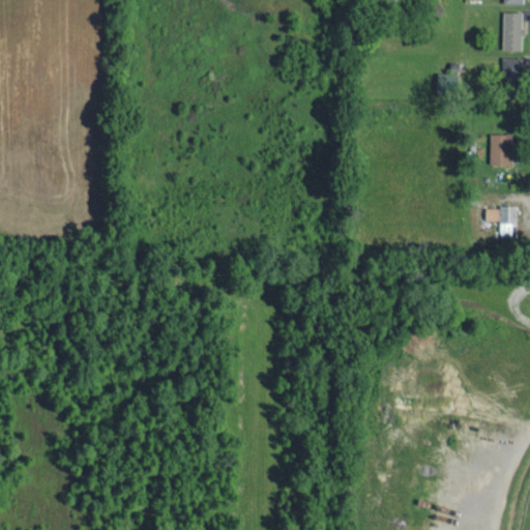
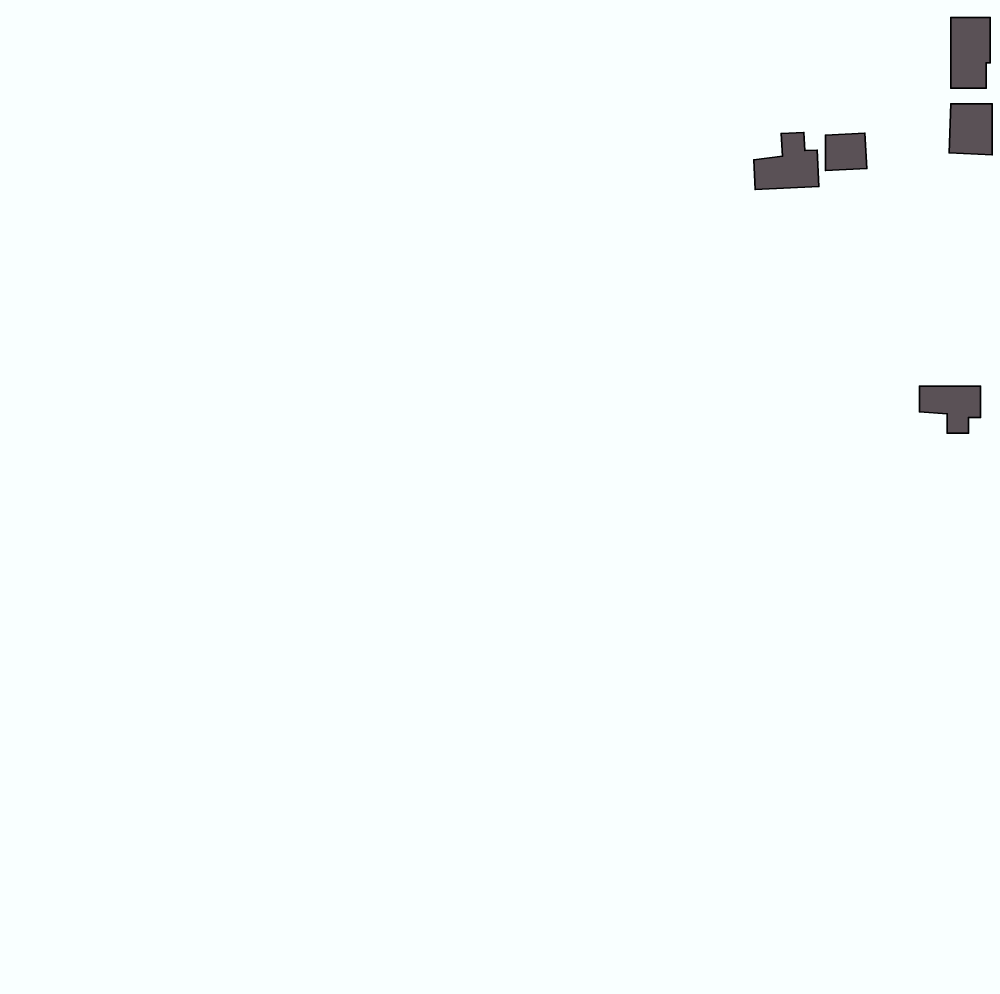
building: none -> [754,132,819,189]
building: [491,136,513,167] -> none

